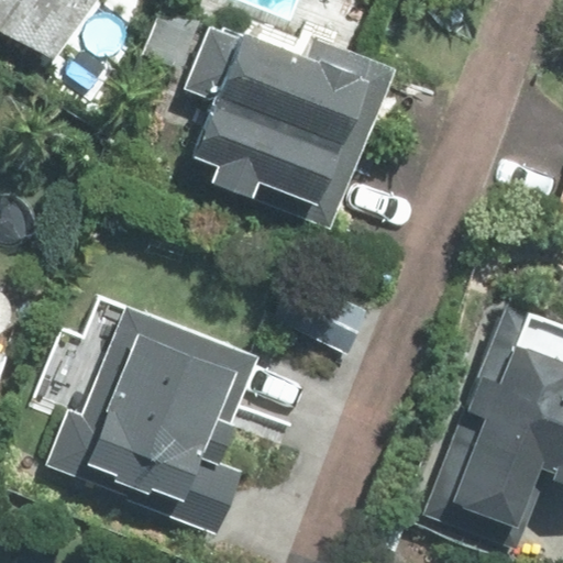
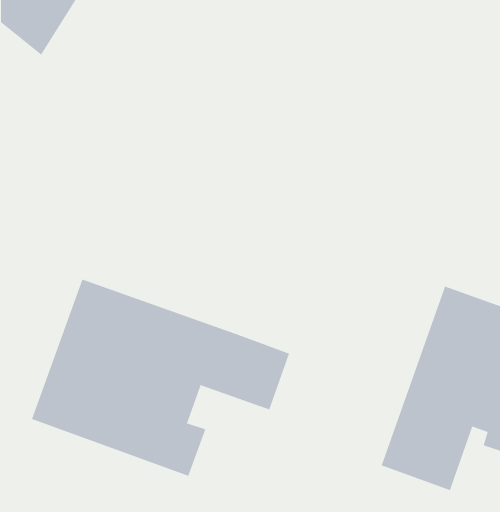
building: [169,16,356,209] -> none

